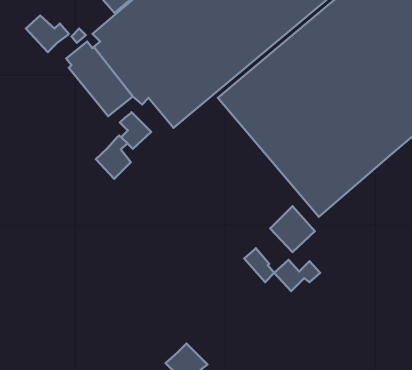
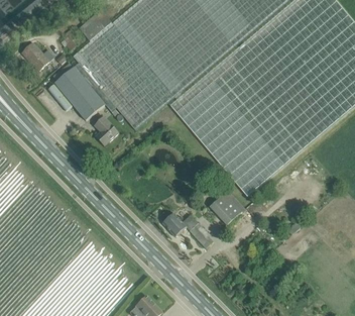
building: [96,135,131,179] -> none
building: [274,260,320,291] -> [163,212,199,236]

